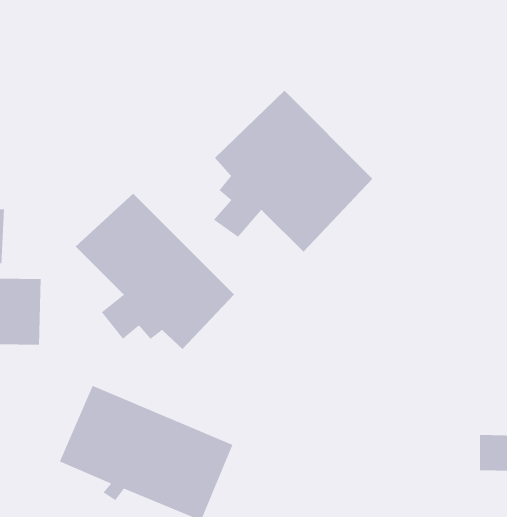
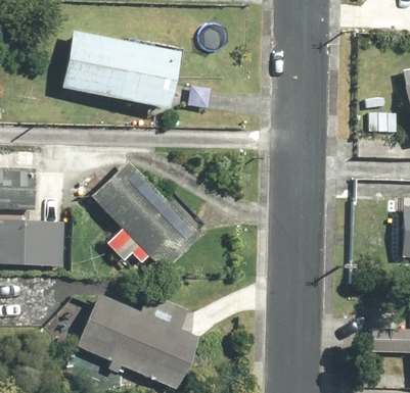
building: none -> [59,27,182,110]
building: [213,90,373,253] -> none

